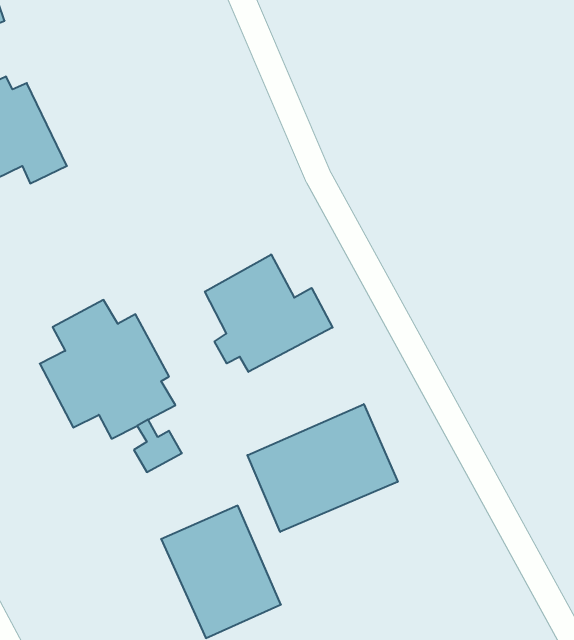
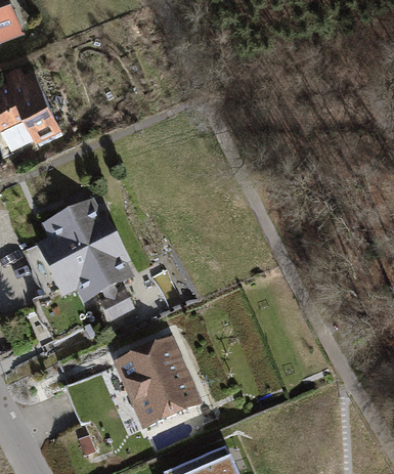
building: [205,254,333,372] -> none
building: [247,404,398,532] -> none

